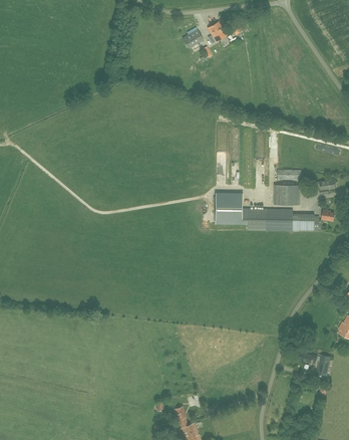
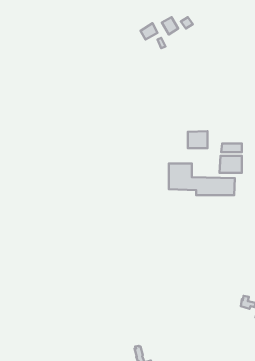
building: none -> [188,131,208,148]

